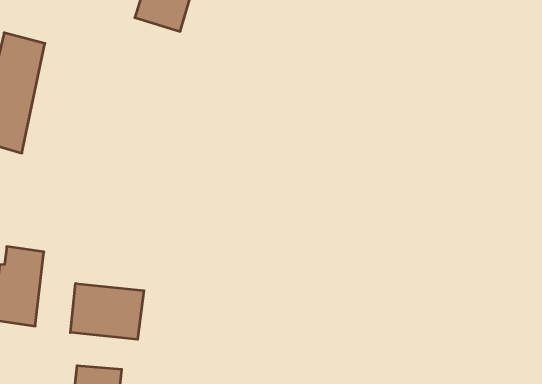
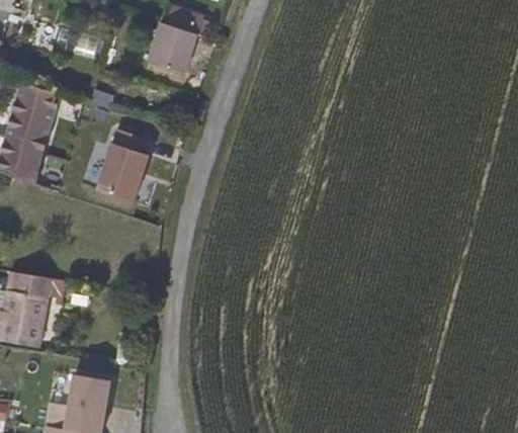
building: none -> [92,146,151,206]
building: [70,283,144,339] -> none

